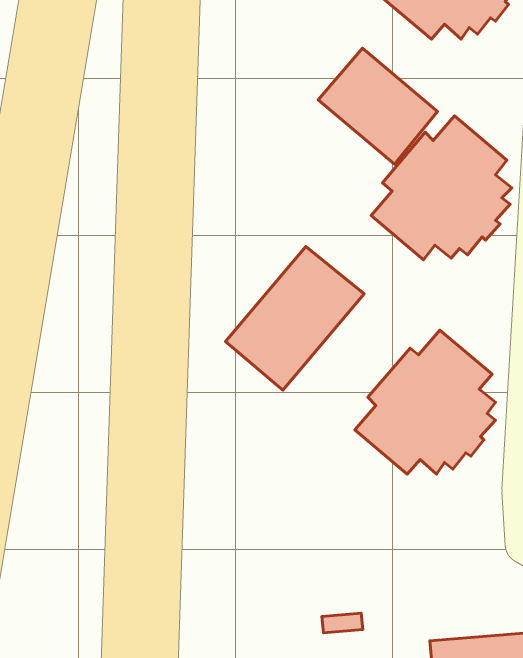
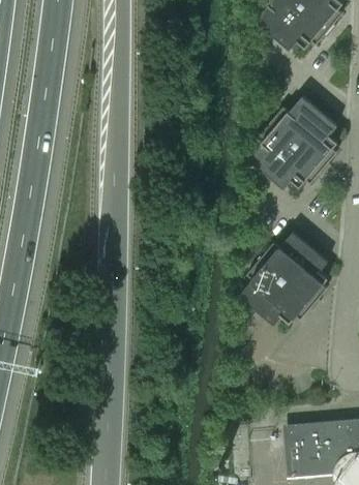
building: [318,48,438,164] -> none
building: [226,246,364,390] -> none

